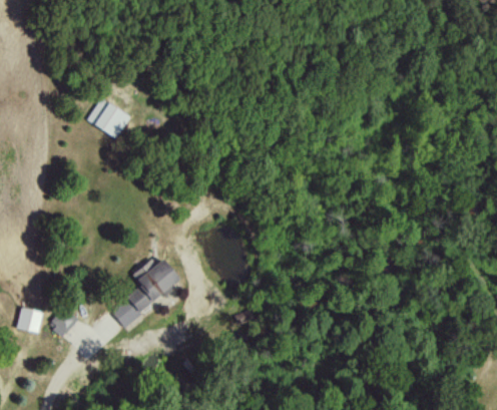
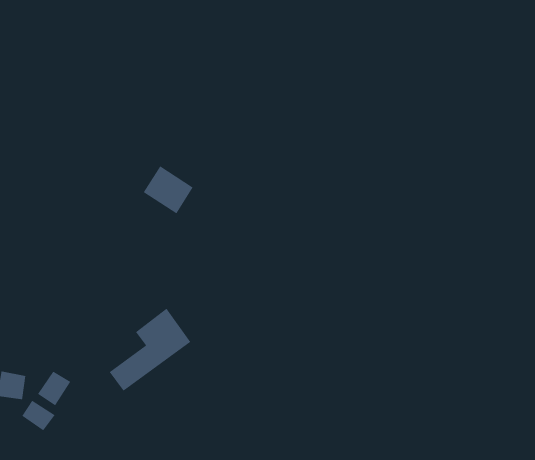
building: [88,98,130,138] -> [143,166,194,214]
building: none -> [21,400,55,431]

